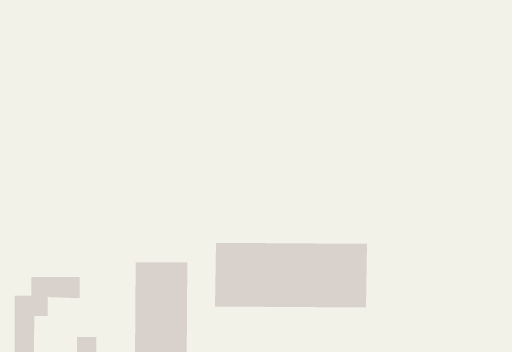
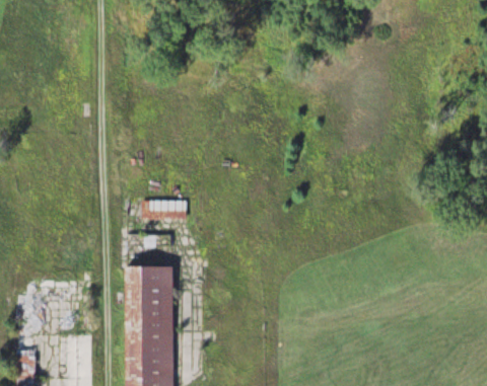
building: none -> [141,201,186,219]
building: [214,242,368,308] -> none

